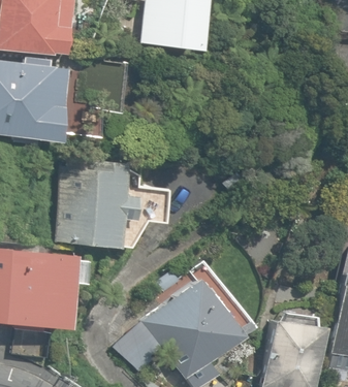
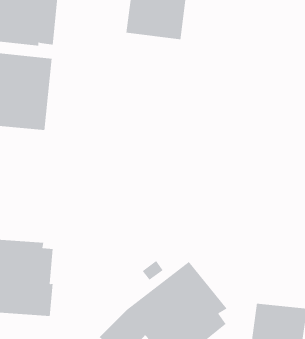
building: [55,159,134,248] -> none

